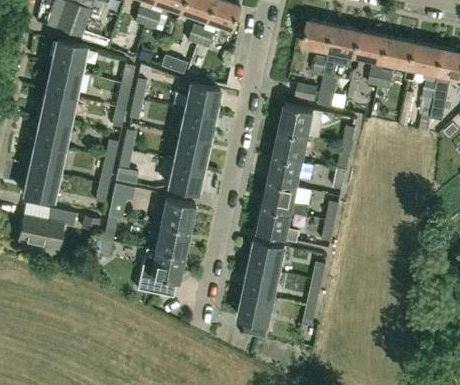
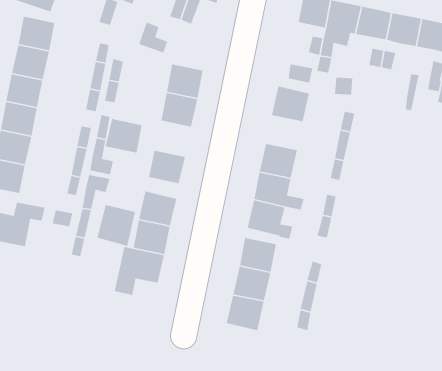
building: [275,130,309,161] -> none
building: [174,135,208,167] -> [105,118,143,153]
building: none -> [97,204,136,247]

